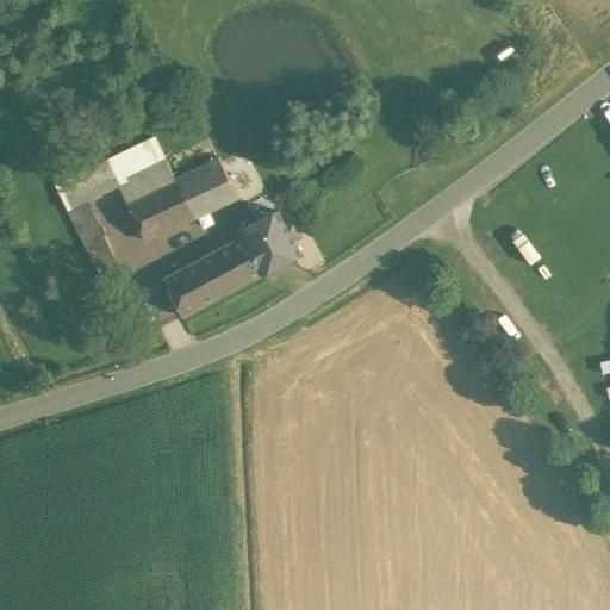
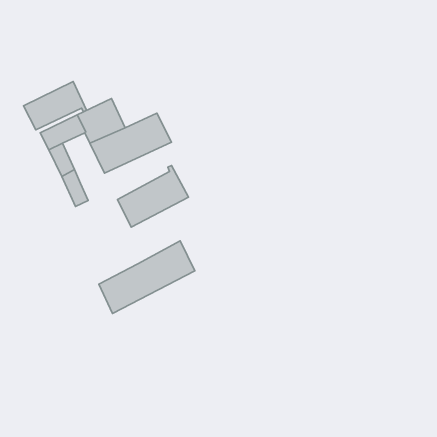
building: none -> [24,82,87,130]
building: [238,211,300,275] -> none
building: none -> [99,241,195,314]

